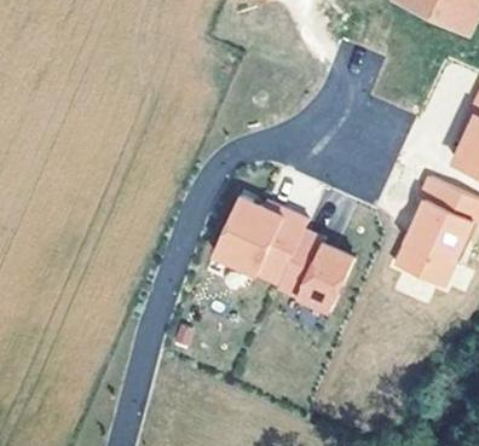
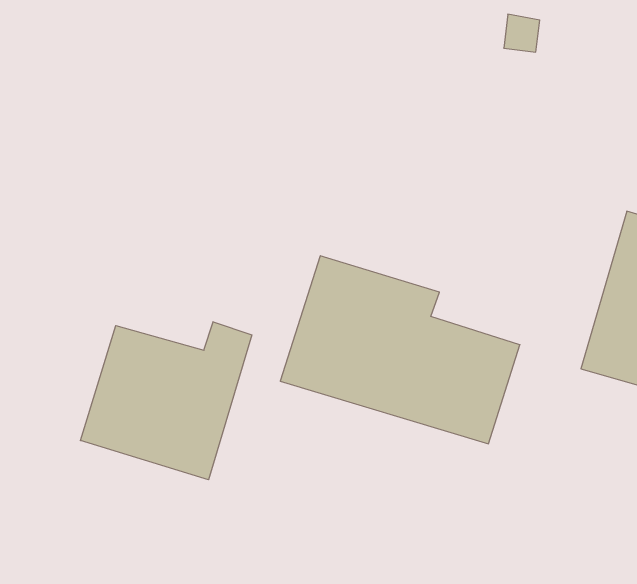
building: none -> [80,322,252,480]

